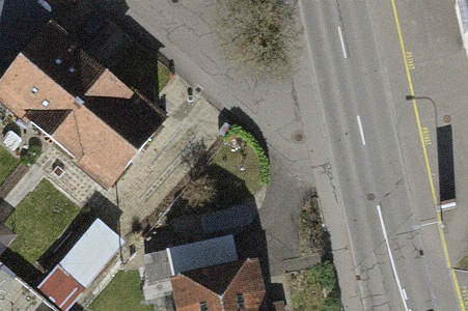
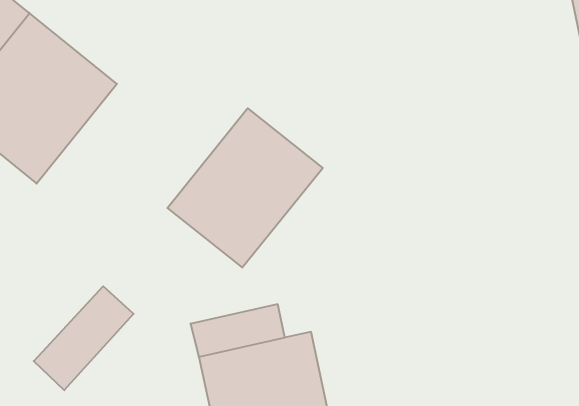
building: [51,69,167,189] -> [167,108,323,268]

